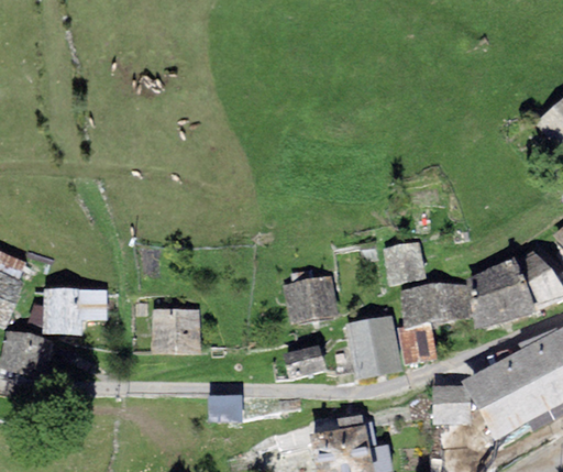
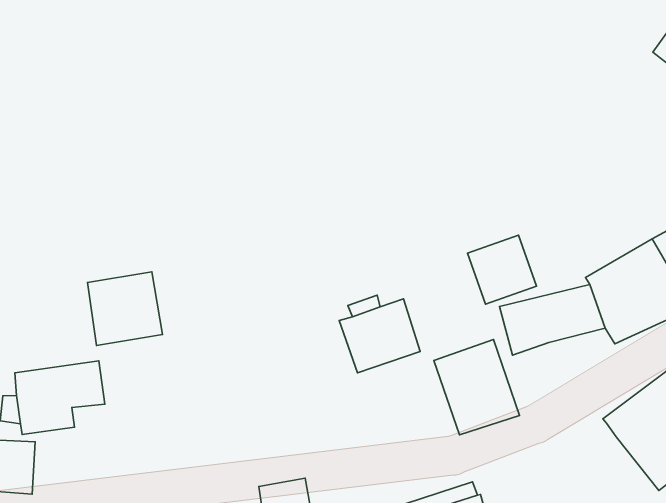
building: [153,308,201,355] -> [88,272,162,345]
building: [397,321,438,364] -> none
building: [283,345,327,377] -> none
building: [433,385,472,425] -> none

